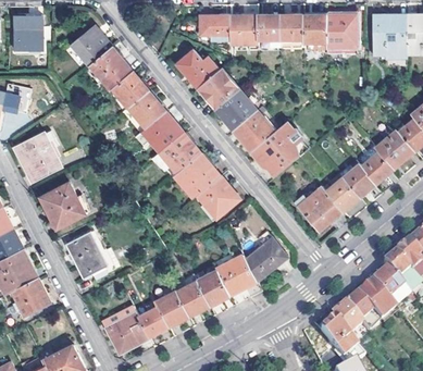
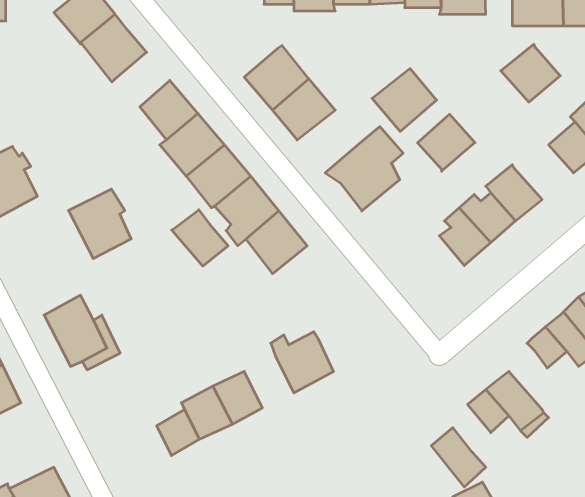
building: [177,50,219,88] -> none
building: [112,72,148,108] -> none
building: [232,110,274,151] -> [372,69,437,131]
building: none -> [418,114,475,171]
building: [374,131,413,169] -> [501,44,560,102]
building: none -> [172,210,228,266]
building: [41,183,83,228] -> [68,189,131,259]
building: [293,187,341,232] -> none
building: [246,234,287,282] -> none
building: [371,268,409,307] -> none
building: [197,272,229,306] -> none
building: [331,304,360,335] -> none
building: [104,307,149,353] -> none

